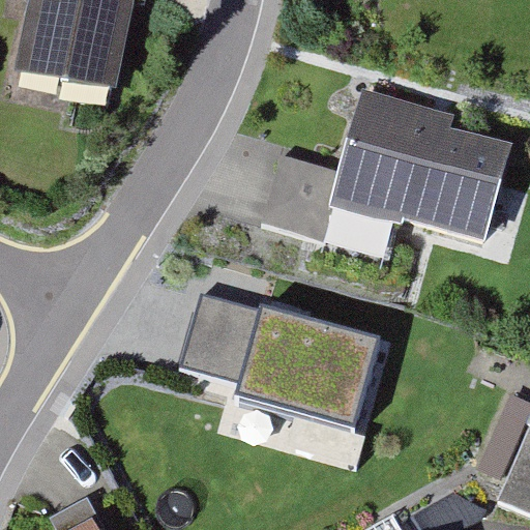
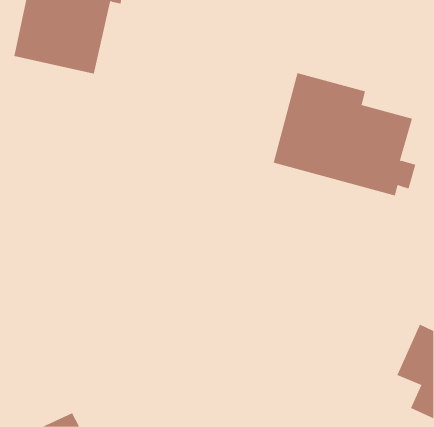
building: [215,311,380,430] -> none

